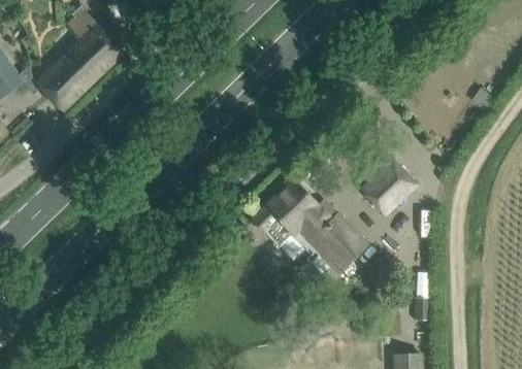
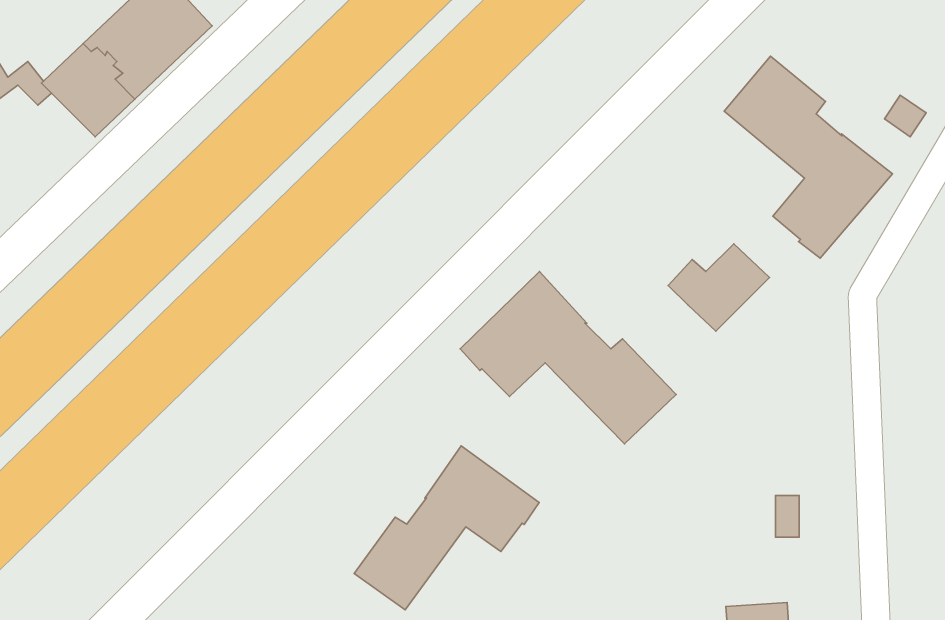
building: none -> [724,56,893,258]
building: none -> [354,446,539,610]

